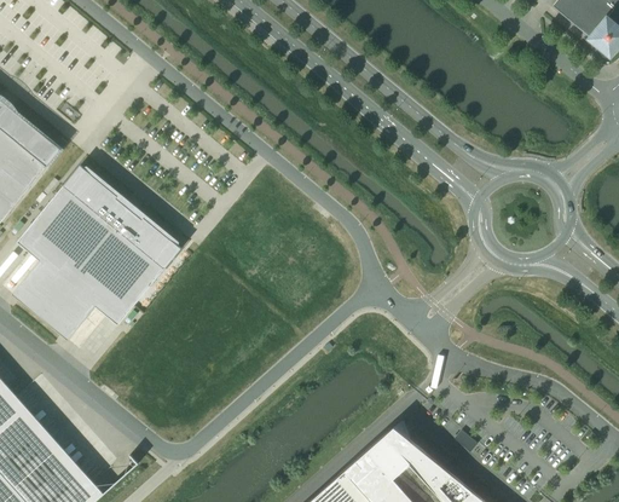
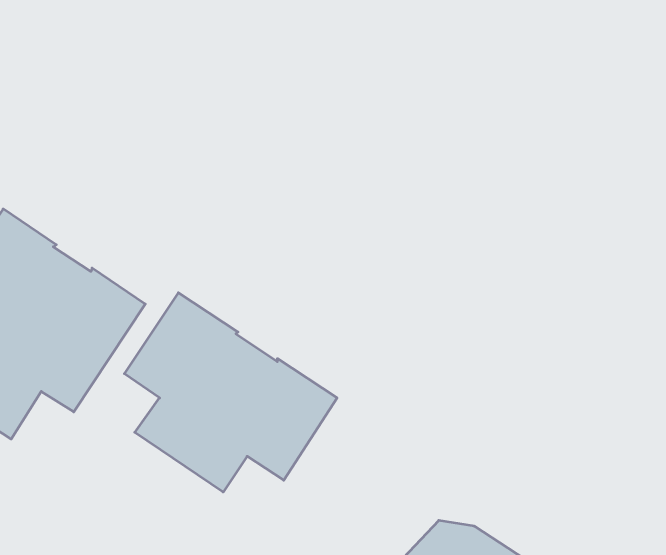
building: none -> [124,293,337,492]

